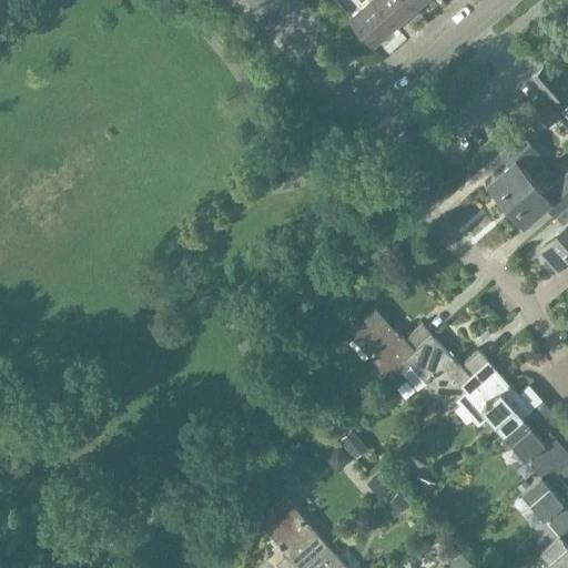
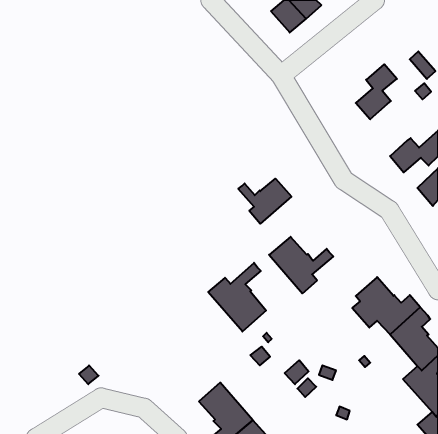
building: [486,136,539,207] -> [356,64,397,119]
building: none -> [238,179,291,224]
building: [404,337,488,410] -> none
building: none -> [208,263,266,332]

